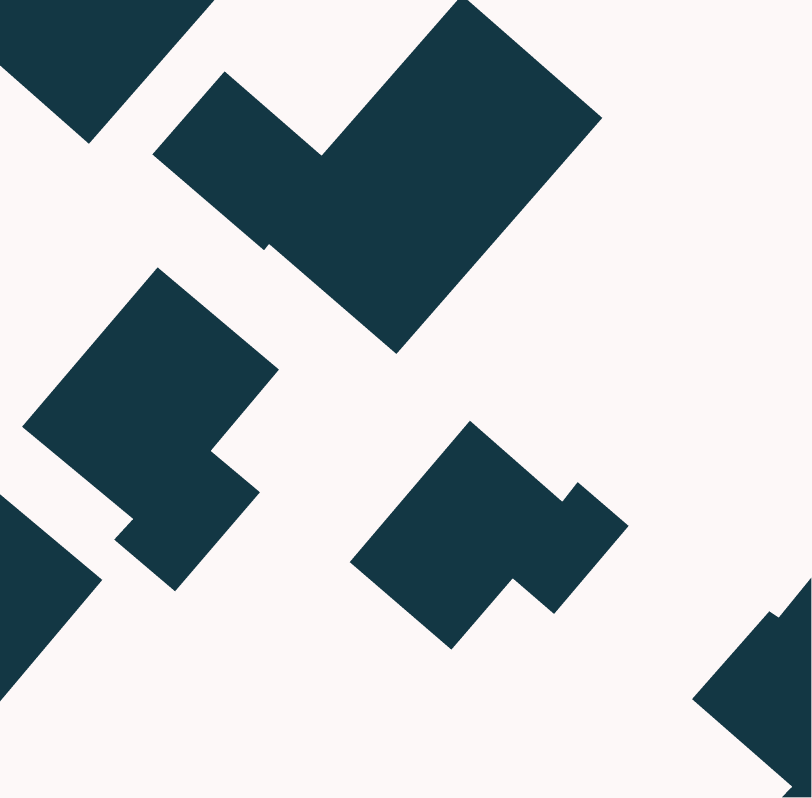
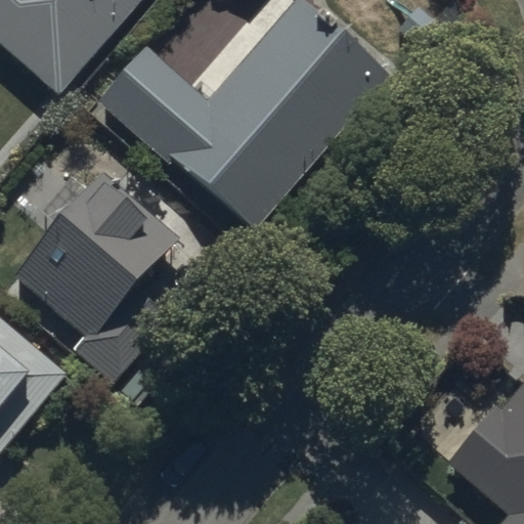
building: [348,420,630,651] -> none

